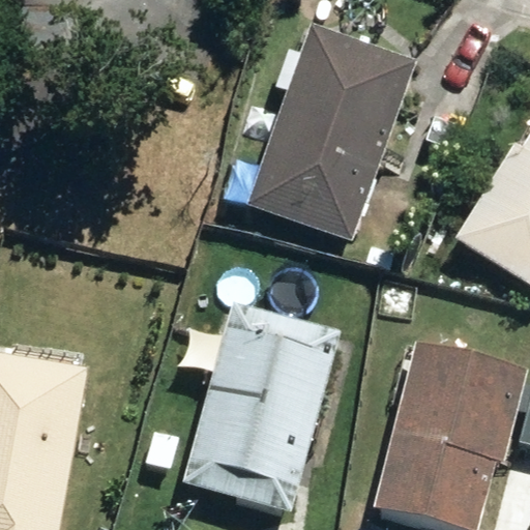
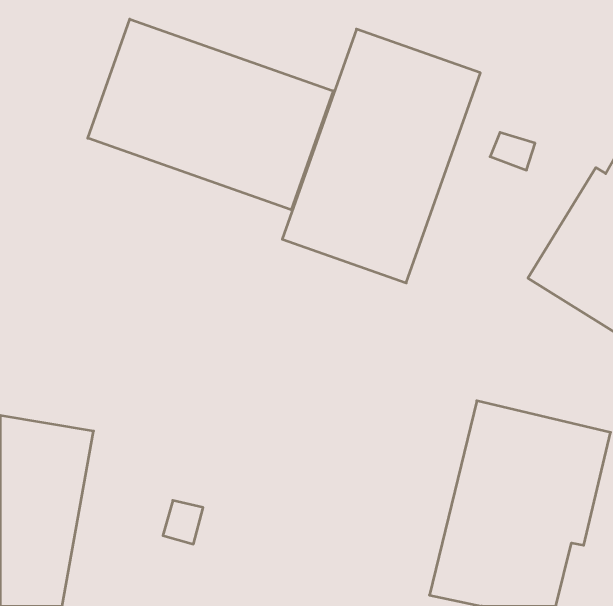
building: none -> [88,19,333,210]
building: [182,302,341,511] -> none

